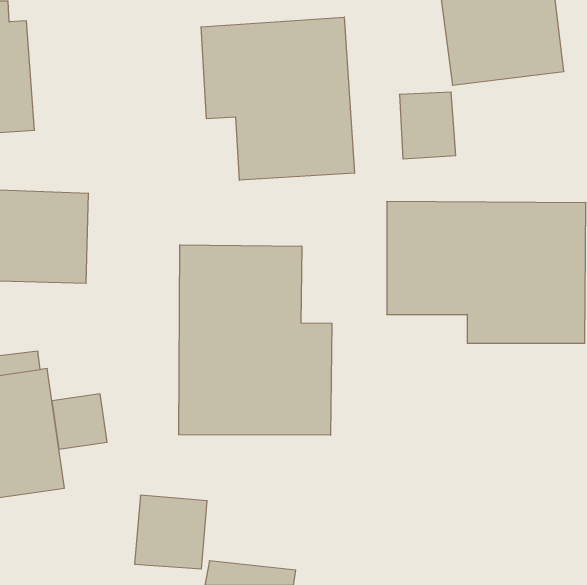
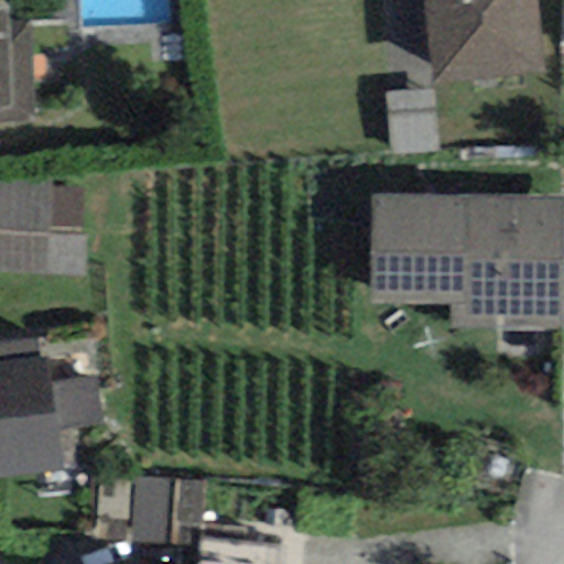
building: [201,17,354,180] -> none
building: [179,245,332,435] -> none

